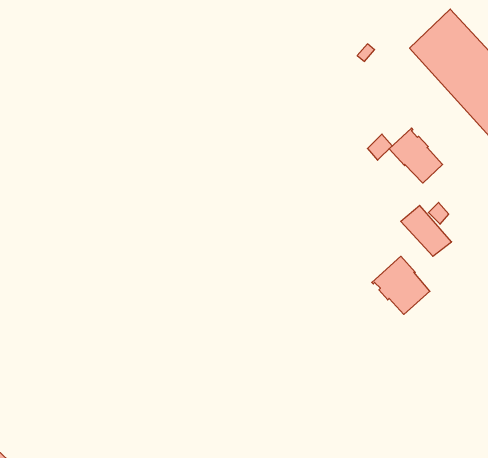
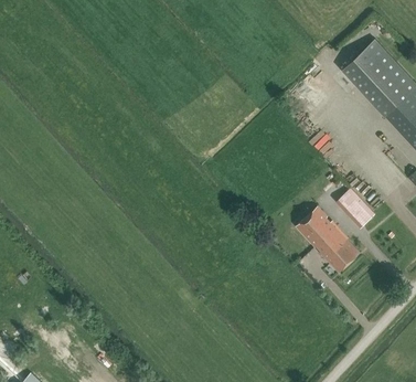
building: [389,128,443,183] -> none
building: none -> [296,206,337,246]

